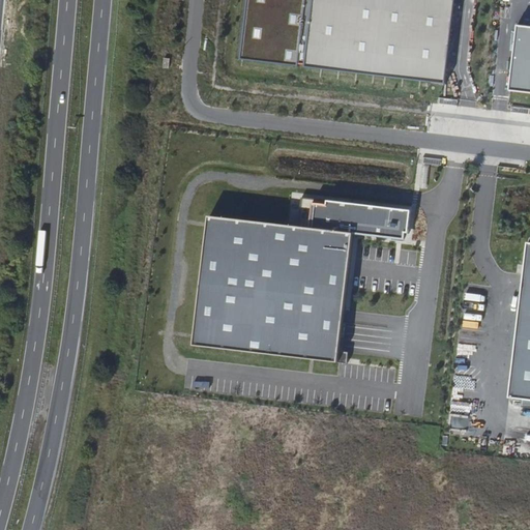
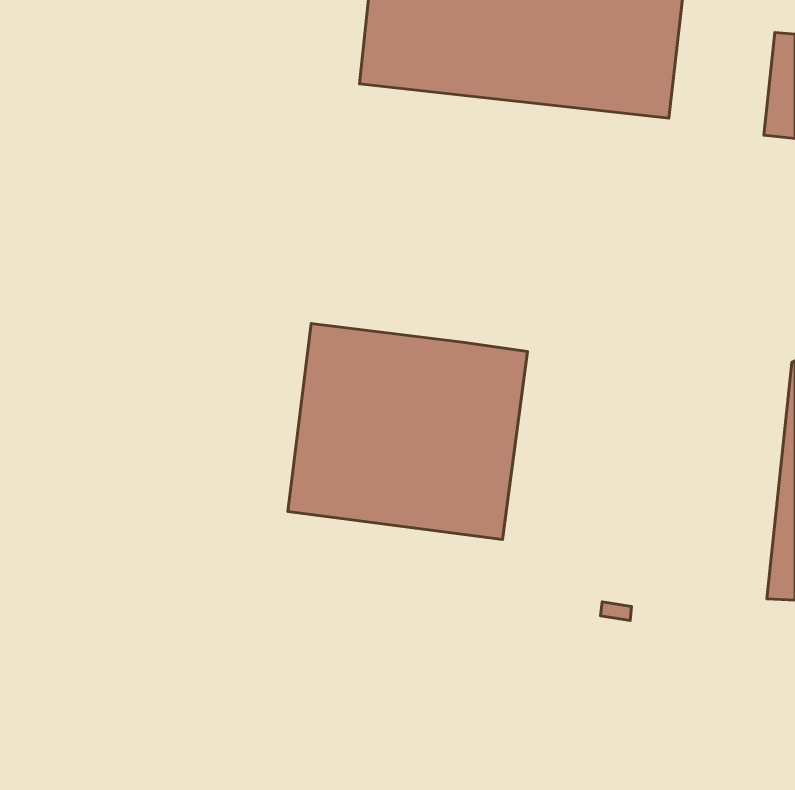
building: [307,198,409,240] -> none

